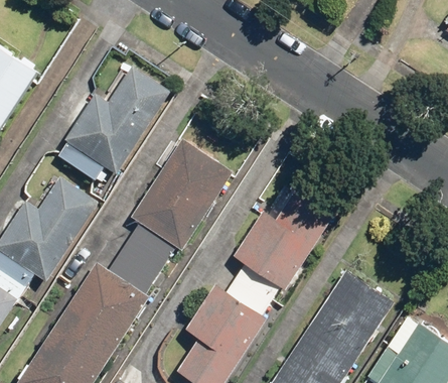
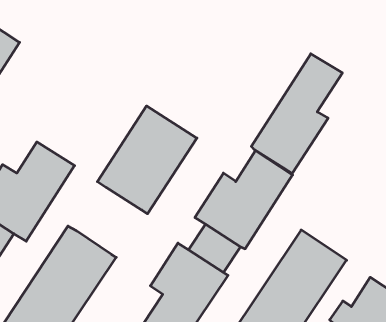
building: [66,65,173,173] -> none
building: none -> [251,54,342,174]
building: [104,224,173,295] -> none

